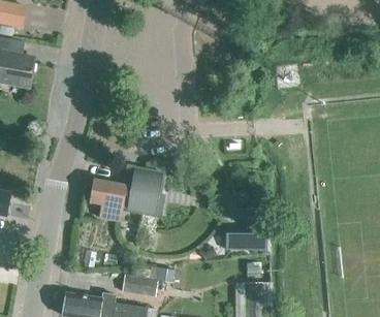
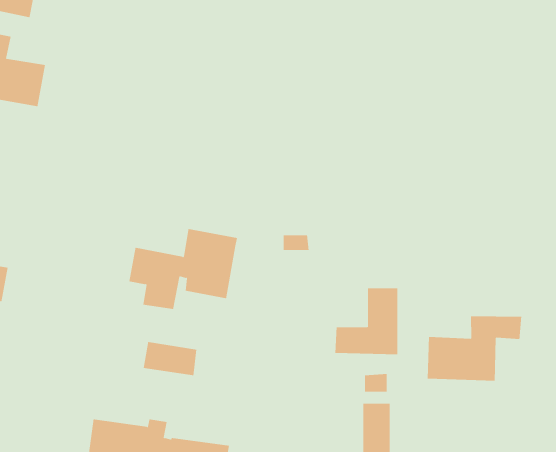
building: none -> [427,316,522,381]
building: [121,274,157,296] -> [143,342,197,376]

